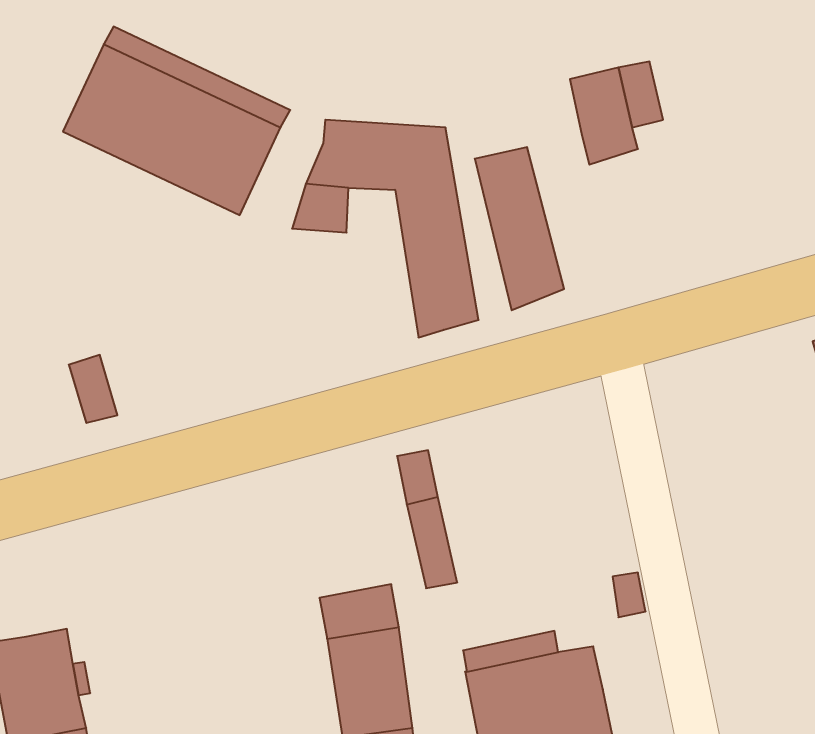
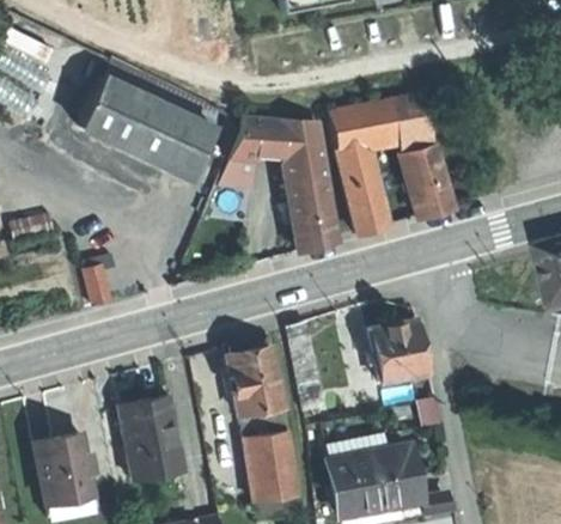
building: none -> [327,96,400,145]
building: none -> [400,139,455,215]
building: none -> [367,322,428,385]
building: none -> [226,348,282,415]
building: none -> [120,398,185,485]

